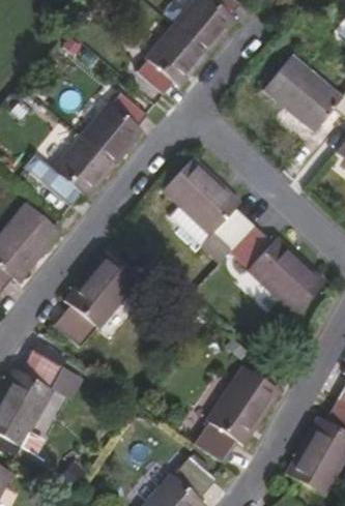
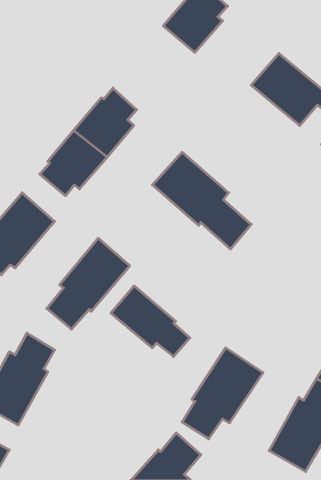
building: [139,28,207,95] -> none
building: [245,236,325,314] -> none
building: none -> [111,286,190,357]

